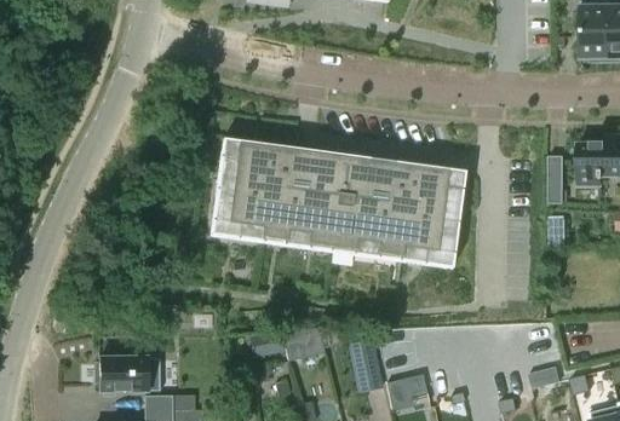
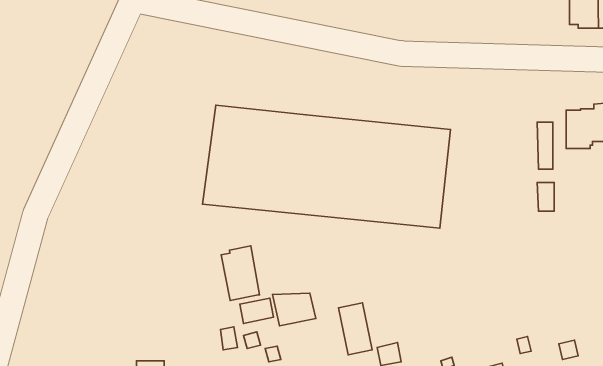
building: none -> [221,246,259,301]
building: [96,356,161,391] -> none

